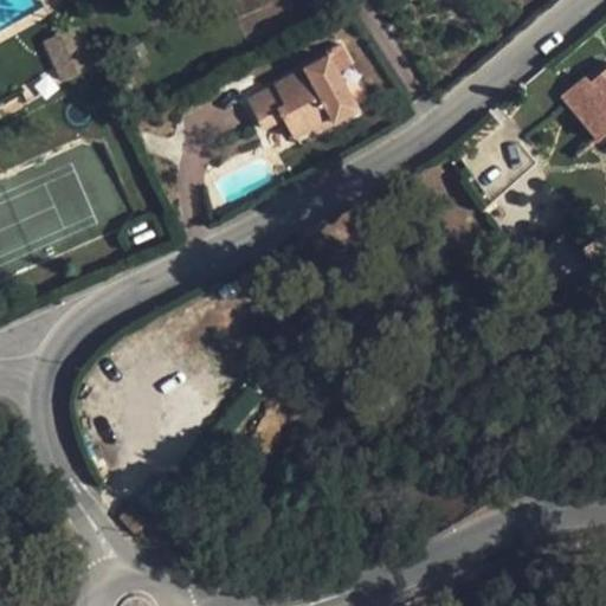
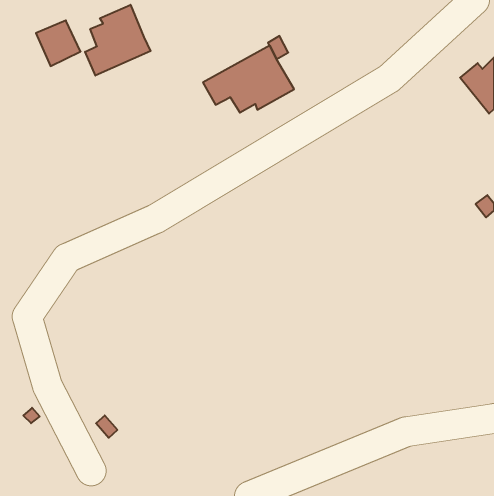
building: none -> [85,5,151,76]

